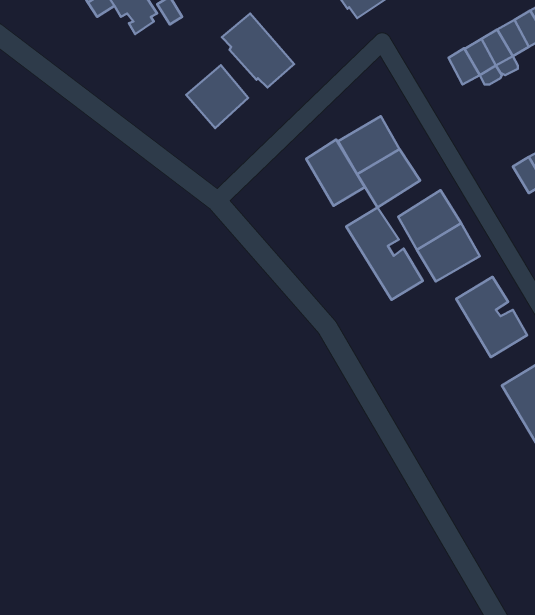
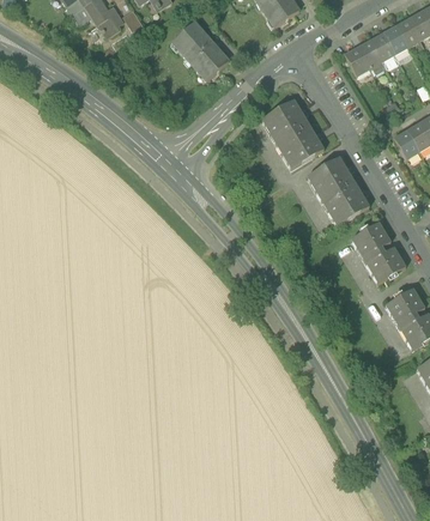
building: [186,65,248,128] -> none
building: [306,139,365,206] -> none
building: [346,207,423,300] -> none

